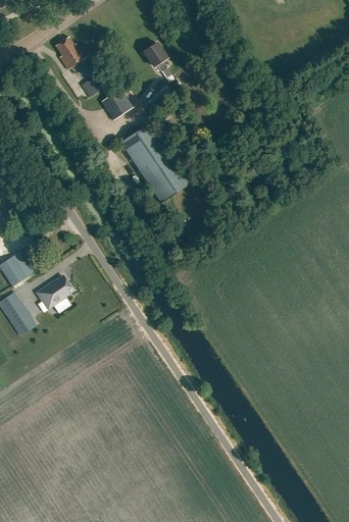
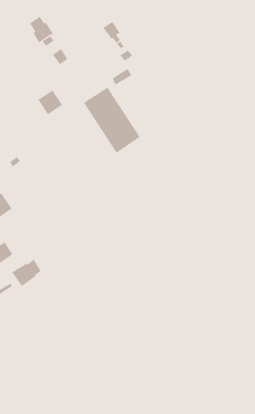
building: [101,89,132,119] -> [38,90,63,115]
building: [35,275,71,309] -> [11,259,42,287]

